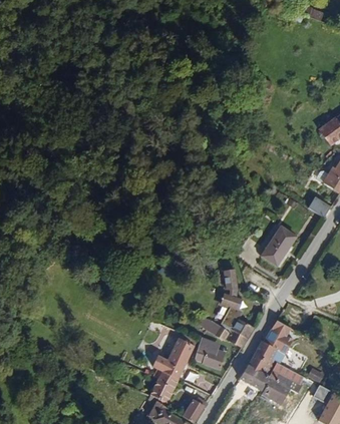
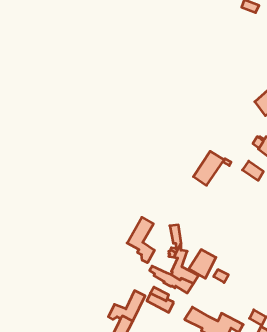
building: [262,226,297,265] -> [193,151,224,185]
building: none -> [127,217,154,263]
building: [248,341,279,374] -> [189,250,216,278]

